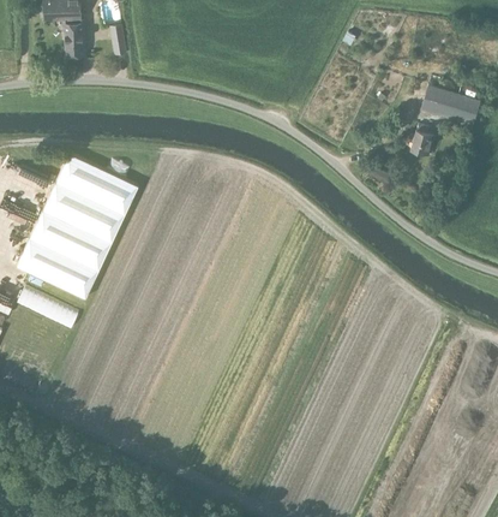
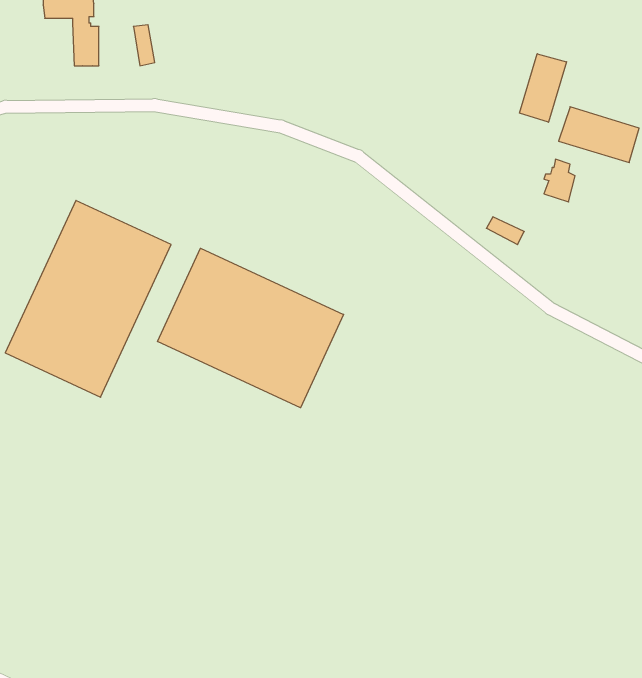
building: none -> [520,54,567,122]
building: none -> [158,248,344,408]

